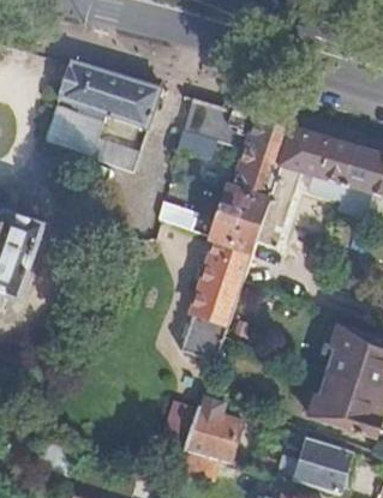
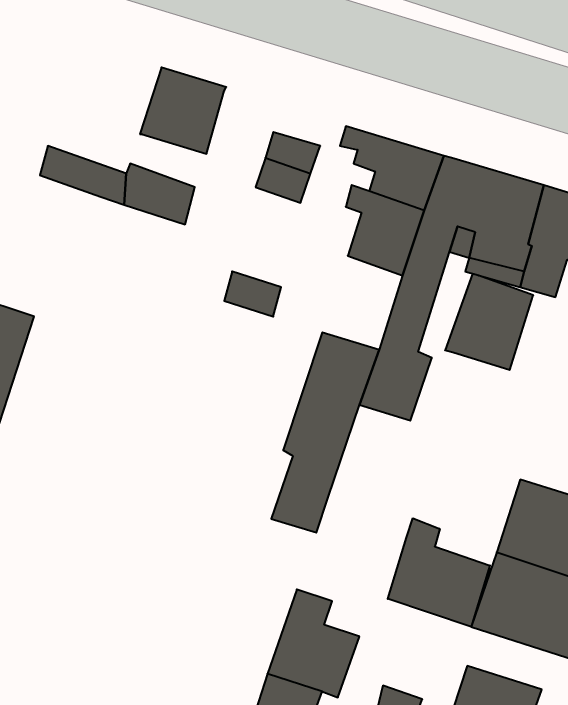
building: [60,59,119,114] -> none
building: [213,187,267,246] -> [445,274,533,370]
building: none -> [388,518,490,627]

